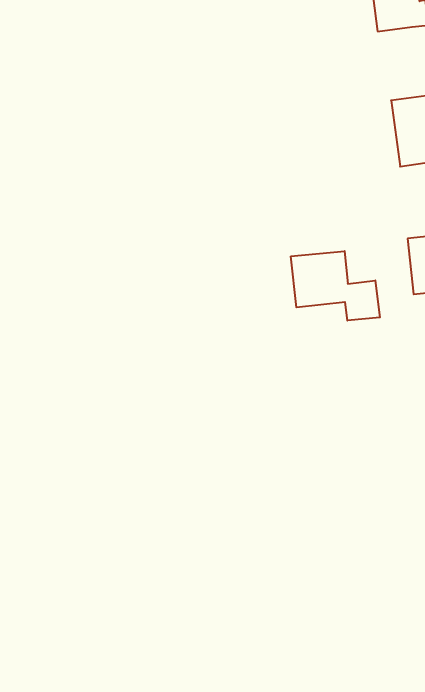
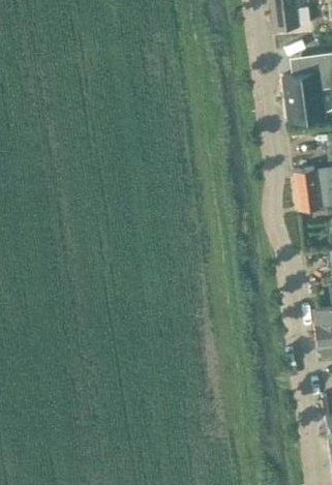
building: [291,251,380,321] -> none

